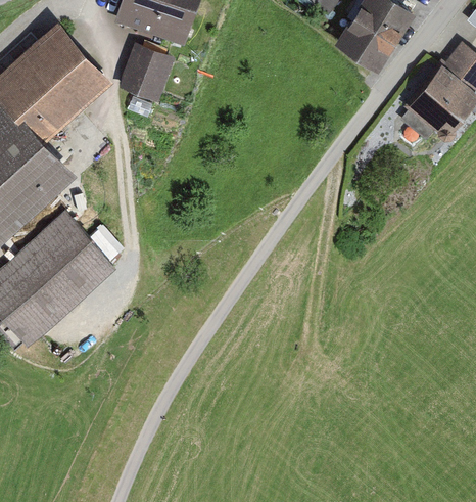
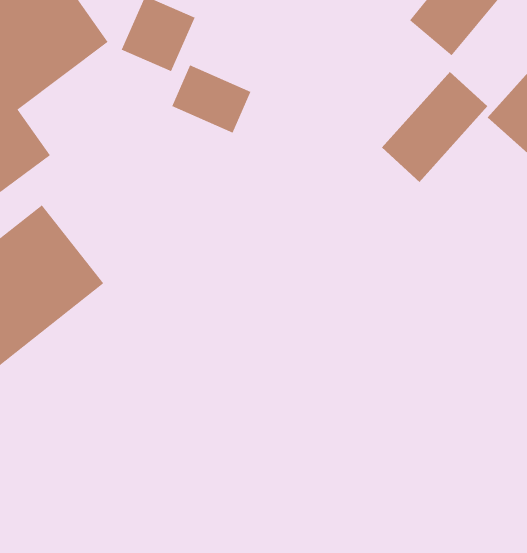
building: none -> [381,71,488,183]
building: none -> [171,64,251,134]

